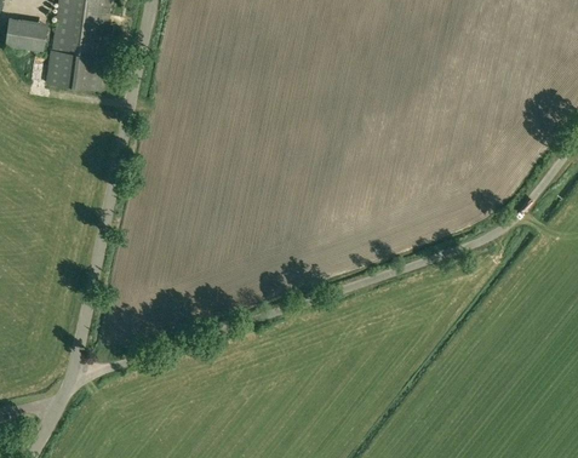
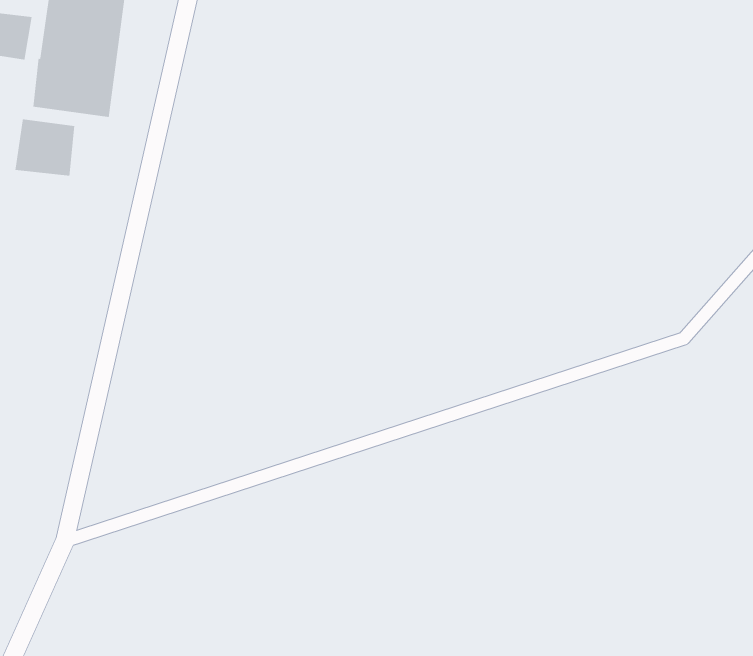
building: none -> [15,118,75,176]

